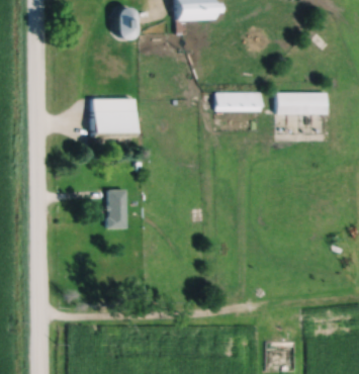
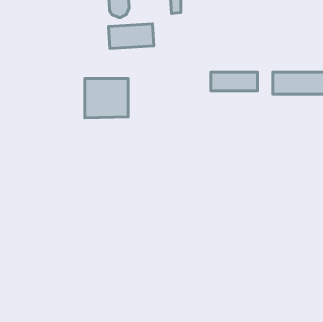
building: none -> [108,24,154,48]
building: [105,189,126,228] -> none

